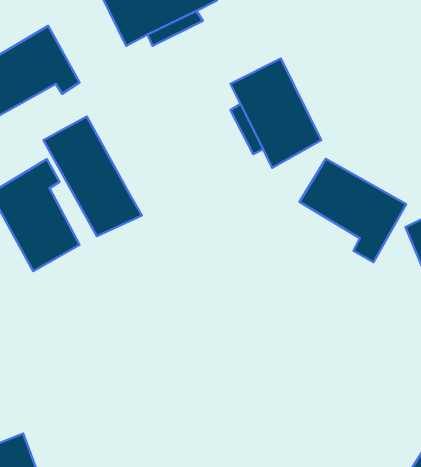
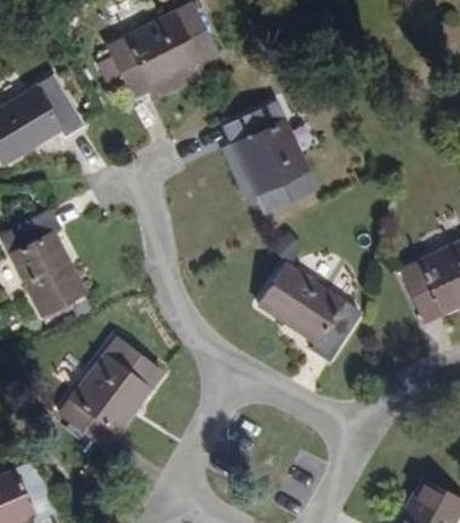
building: [44,117,142,236] -> none
building: [299,159,406,262] -> [260,266,363,365]
building: none -> [58,340,155,448]

